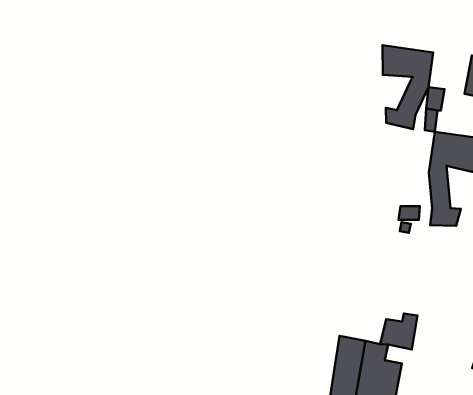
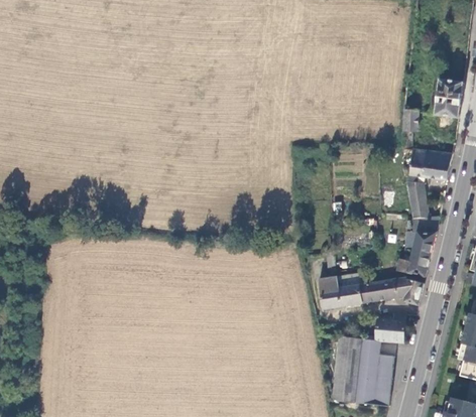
building: [383,45,433,129] -> none
building: none -> [397,232,435,277]
building: none -> [320,272,423,309]

